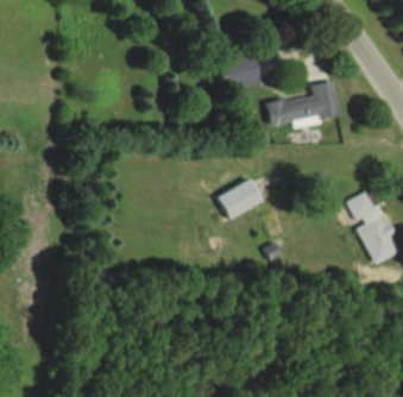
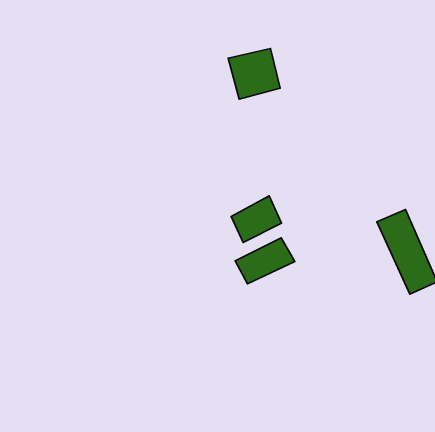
building: [267,81,340,126] -> none
building: none -> [235,238,295,284]

